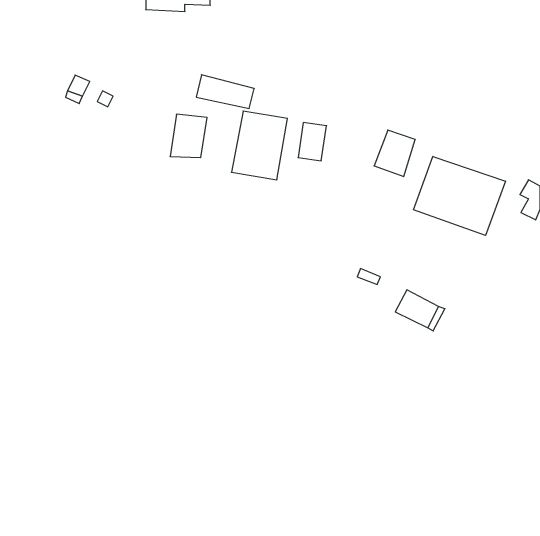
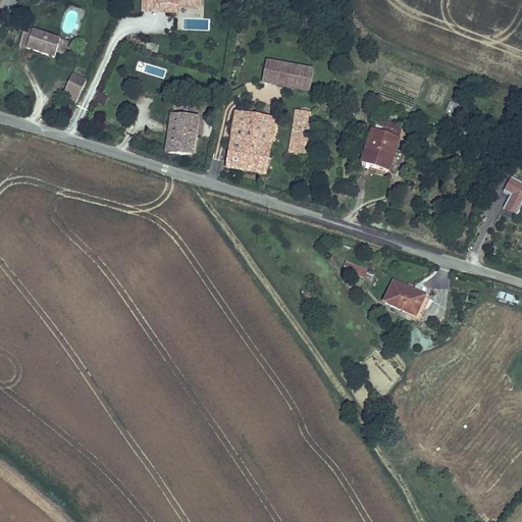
building: none -> [19,22,61,54]
building: [196,75,254,109] -> [257,58,313,91]
building: [414,156,505,235] -> none

